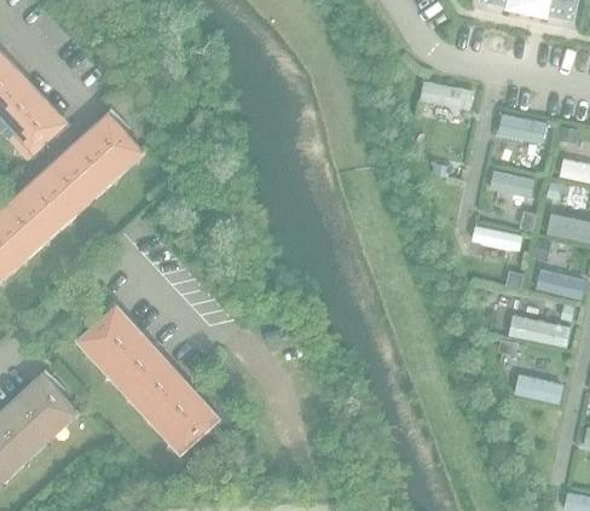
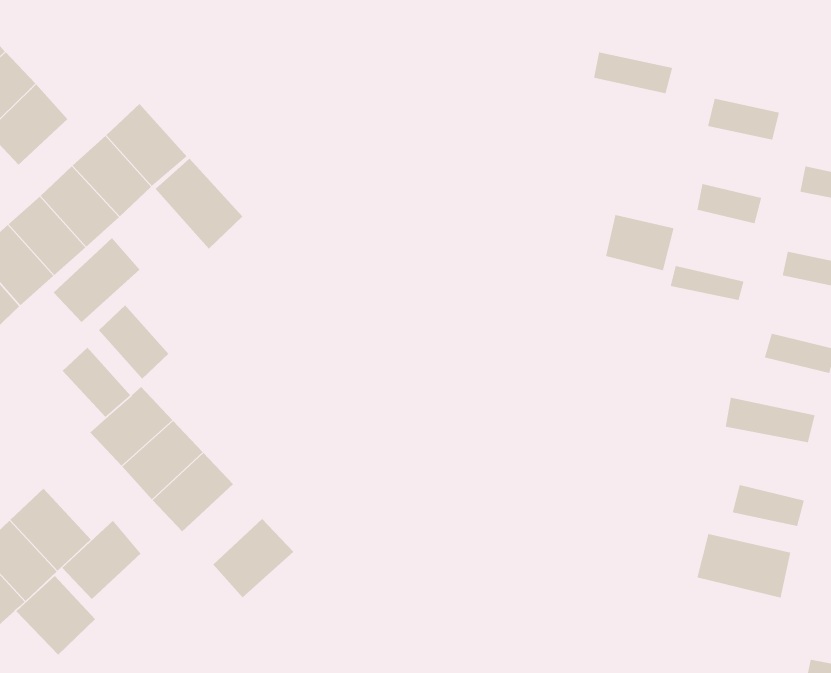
building: none -> [155,158,243,250]
building: none -> [605,214,675,271]
building: none -> [53,237,140,323]
building: none -> [98,305,169,379]
building: none -> [62,347,131,418]
building: [140,373,195,428] -> [61,520,142,600]
building: none -> [696,533,791,599]
building: none -> [15,575,96,656]

